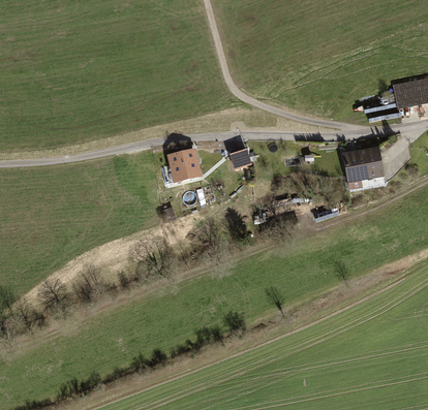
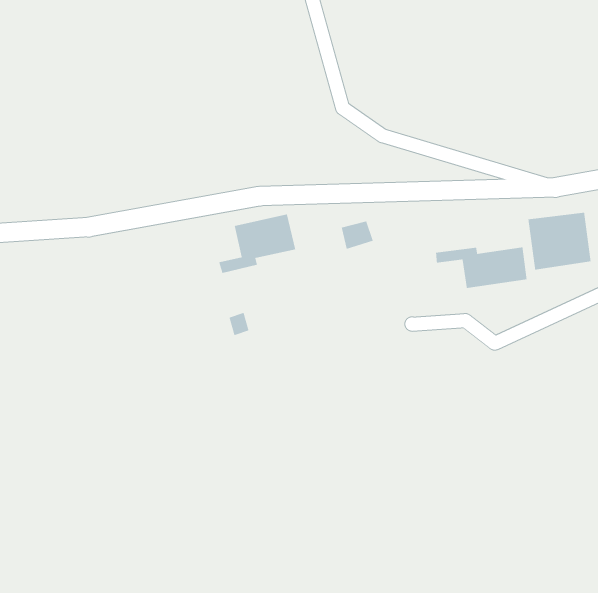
building: none -> [435,246,528,289]

